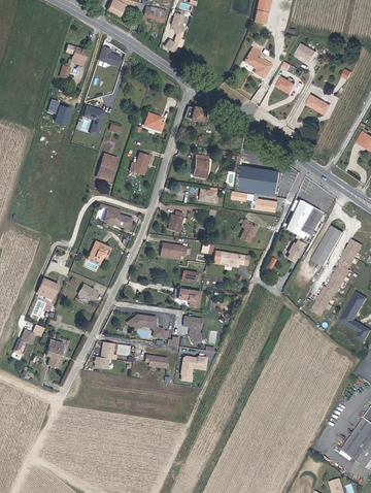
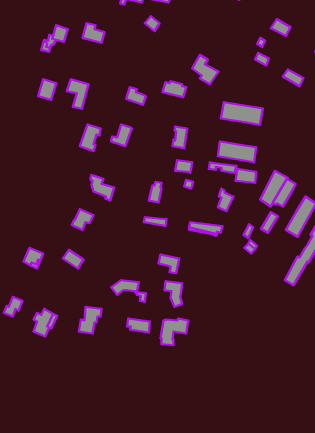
building: [244,43,272,74] -> [192,55,219,84]
building: none -> [221,102,263,125]

